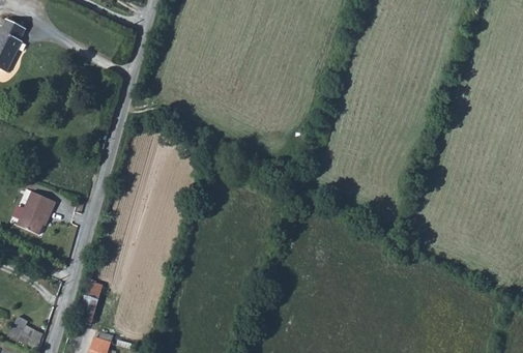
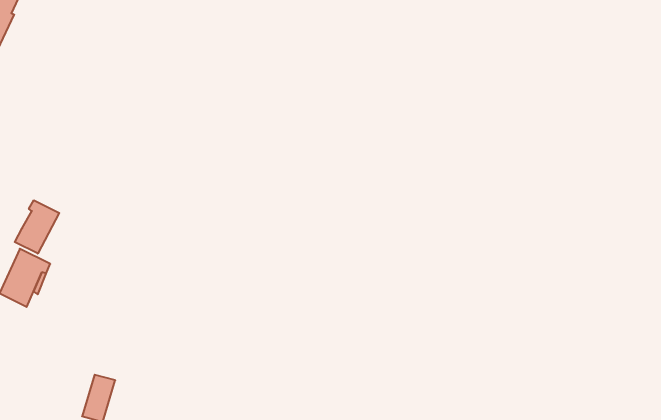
building: none -> [15,200,59,254]

